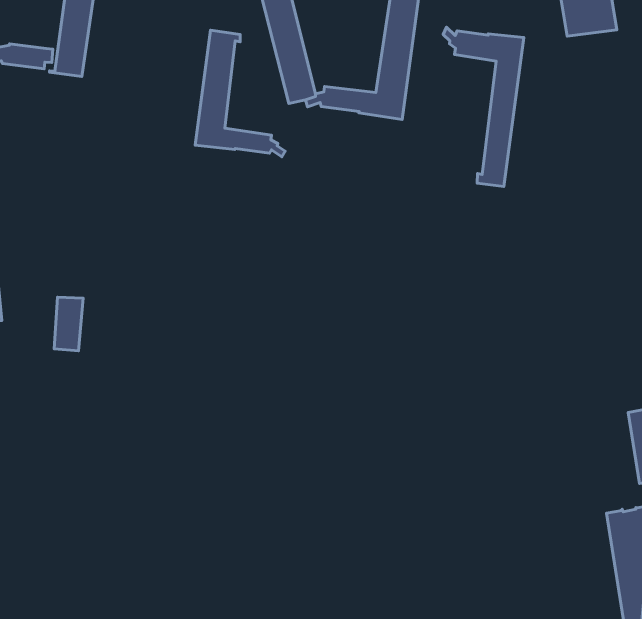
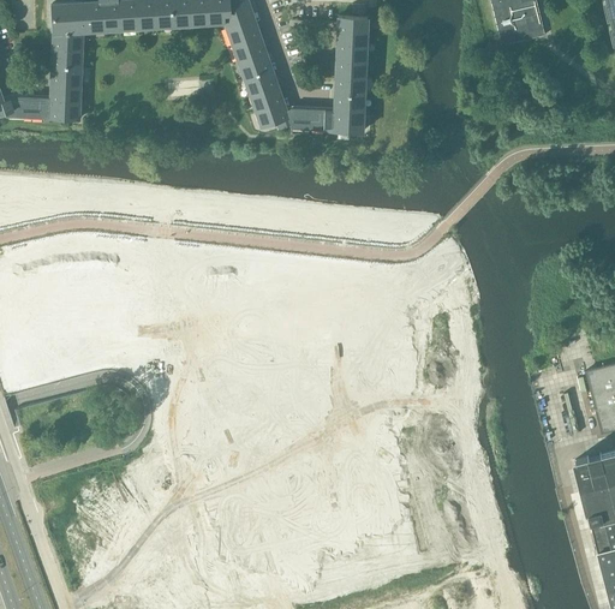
building: [443,27,524,187] -> none
building: [195,30,285,157] -> none

